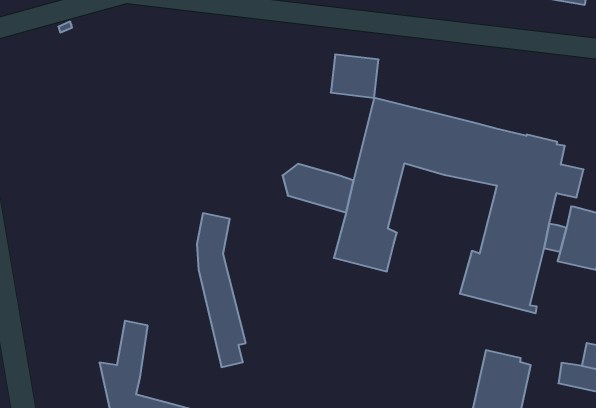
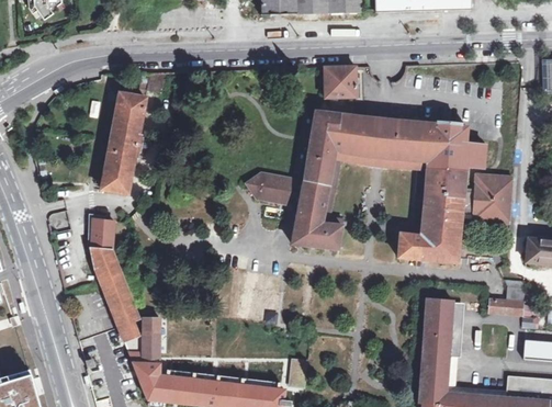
building: none -> [101,88,151,194]
building: [331,54,379,98] -> [326,66,362,98]
building: [197,213,246,367] -> [88,221,138,340]

